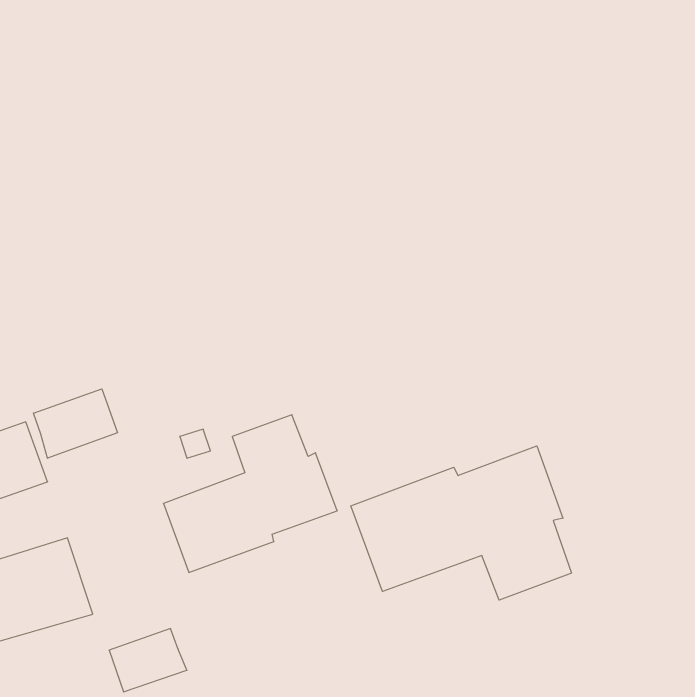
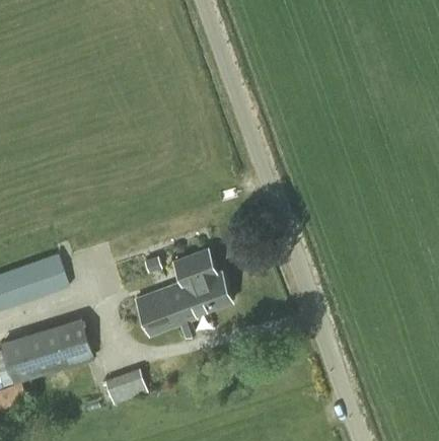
building: [33,389,118,458] -> none
building: [351,446,571,600] -> none

